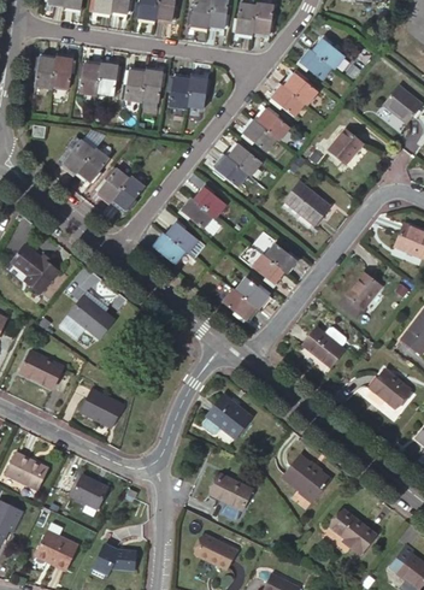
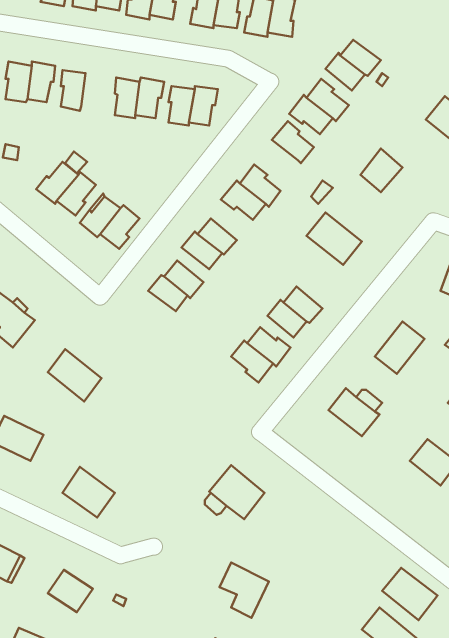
building: [96,63,120,95] -> none
building: [240,118,276,151] -> none
building: [282,453,328,496] -> [382,568,437,620]

